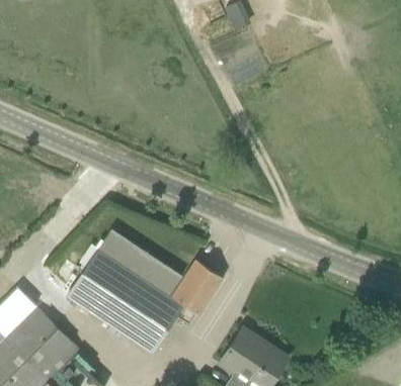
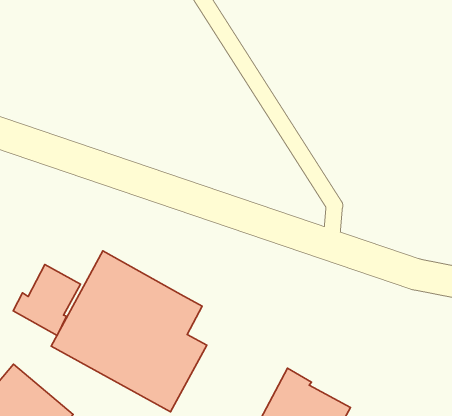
building: none -> [13,264,81,335]
building: [172,260,223,314] -> none

